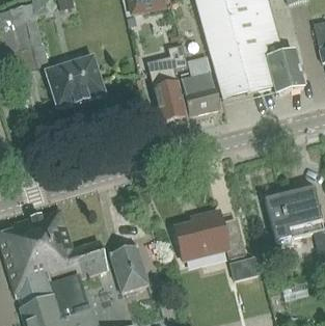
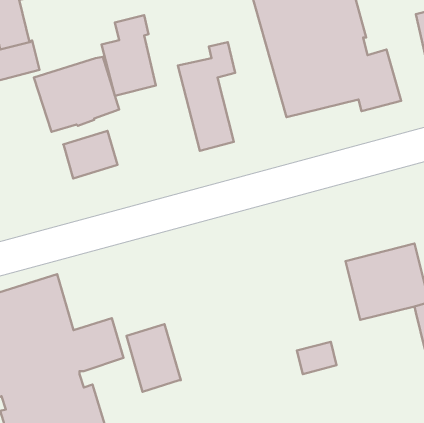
building: [181,57,219,114] -> [102,15,156,96]
building: none -> [63,131,117,178]
building: [175,211,244,260] -> none

